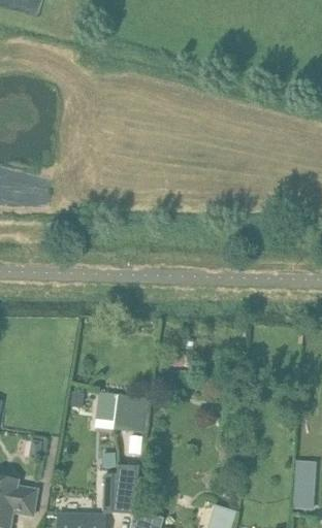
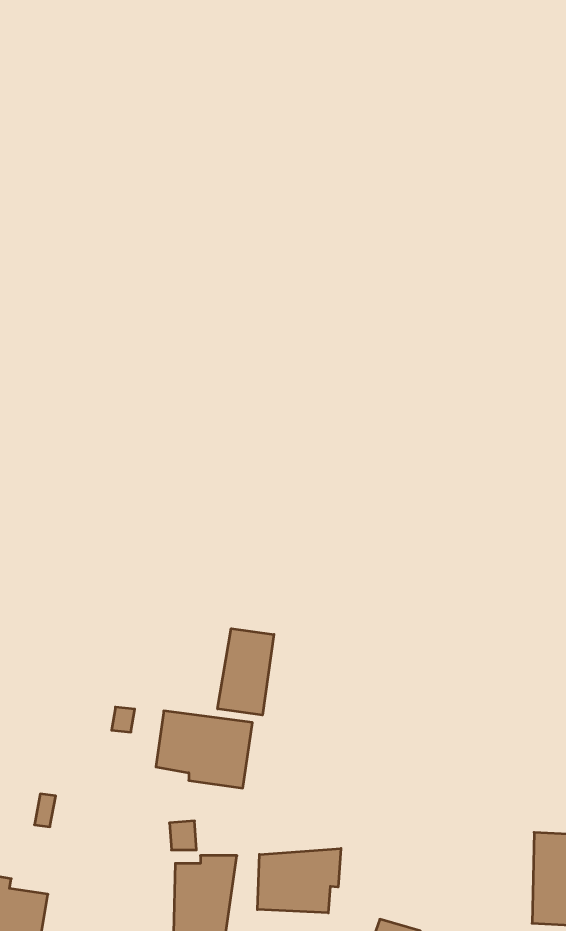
building: none -> [218,629,274,715]
building: none -> [257,848,341,913]

